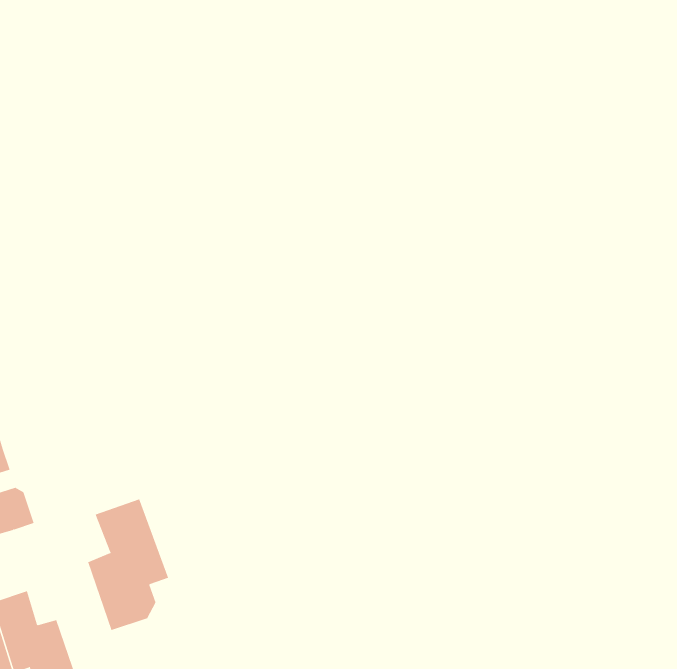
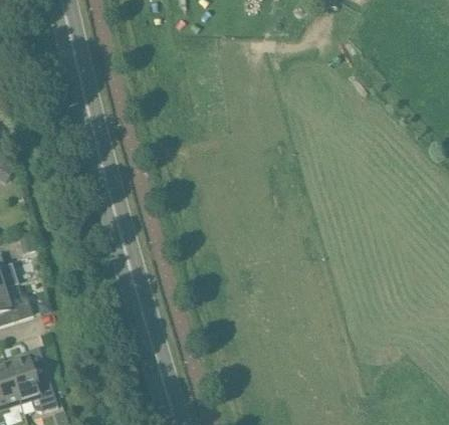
building: [88,499,169,631] -> none

